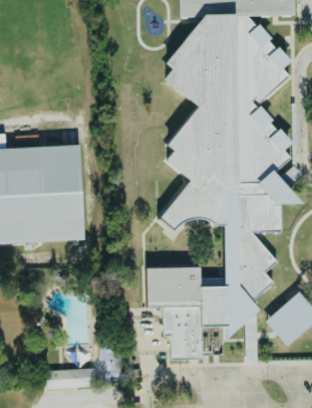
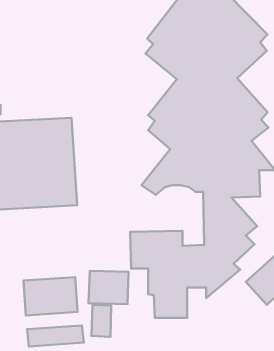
building: none -> [89,271,129,304]
building: none -> [23,277,77,315]

